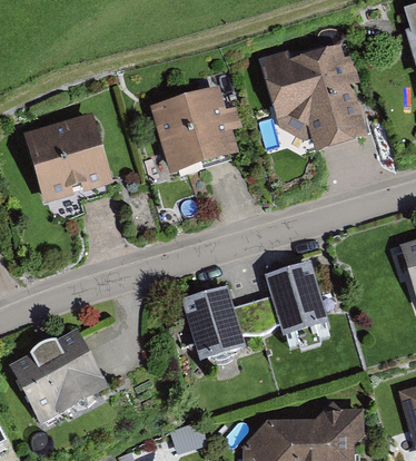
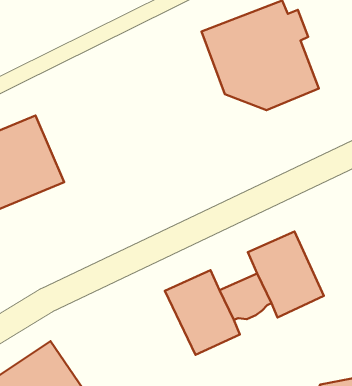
building: [153,90,241,169] -> none

